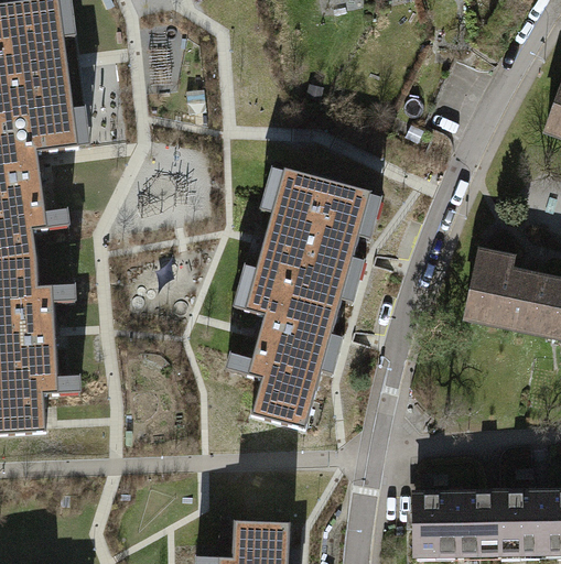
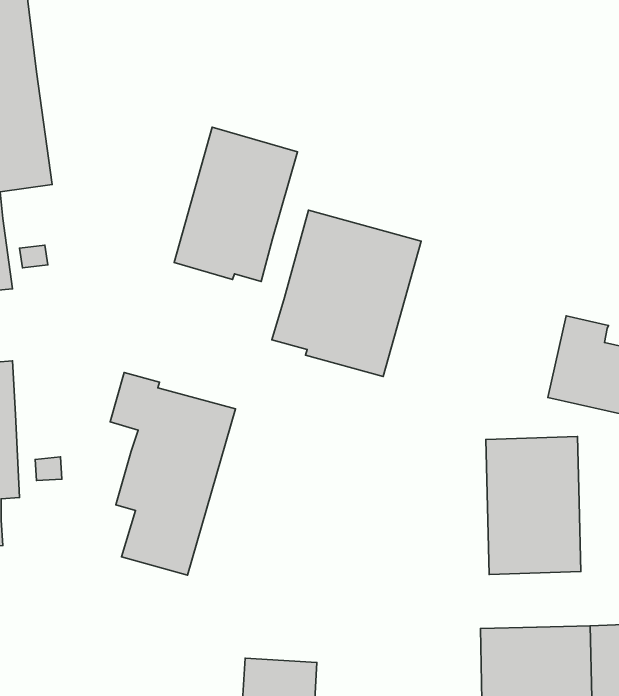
building: none -> [174,127,297,281]
building: [240,270,338,429] -> [110,372,235,575]
building: none -> [486,436,581,574]

